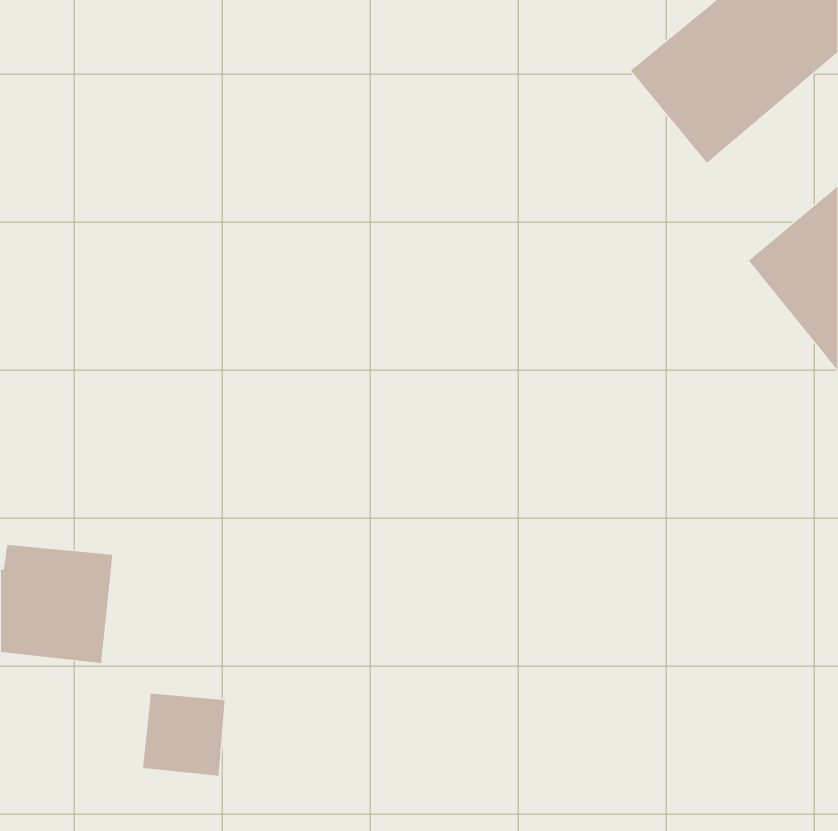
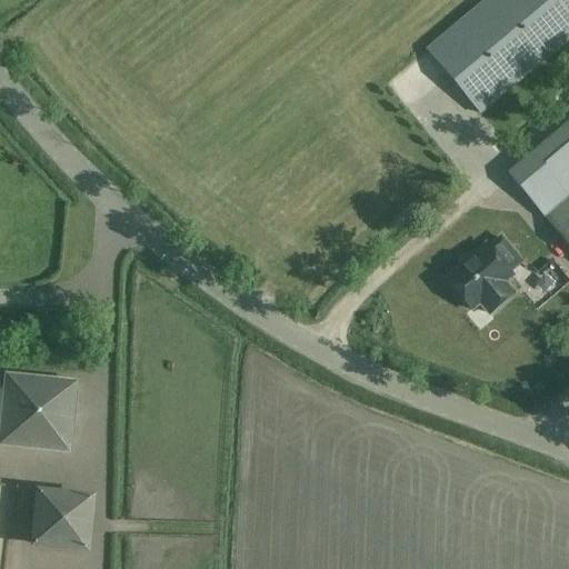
building: none -> [446,234,516,310]
building: [142,693,226,777] -> [33,490,90,547]

